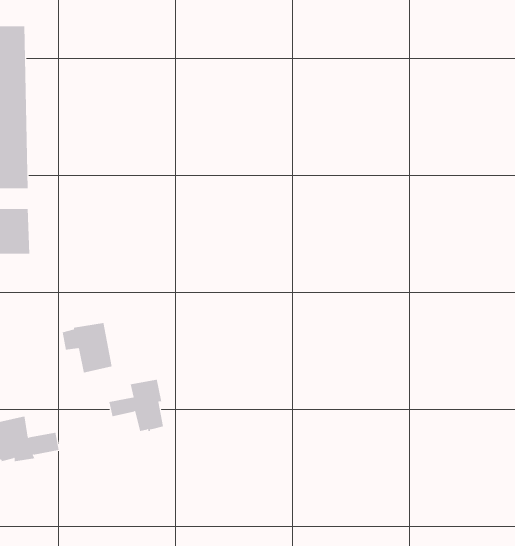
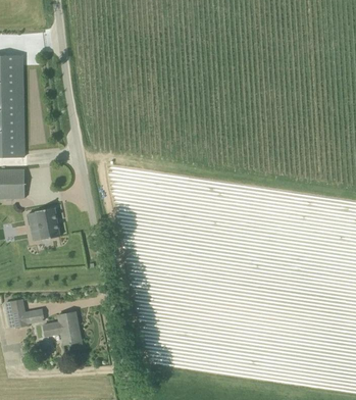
building: [62,322,112,373] -> [29,207,60,239]
building: [108,379,164,431] -> [45,311,80,344]

